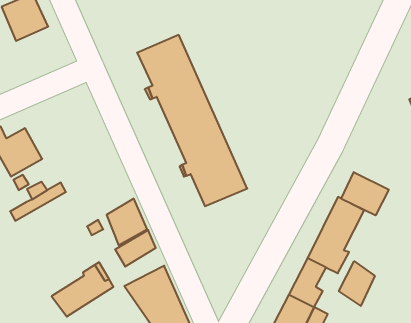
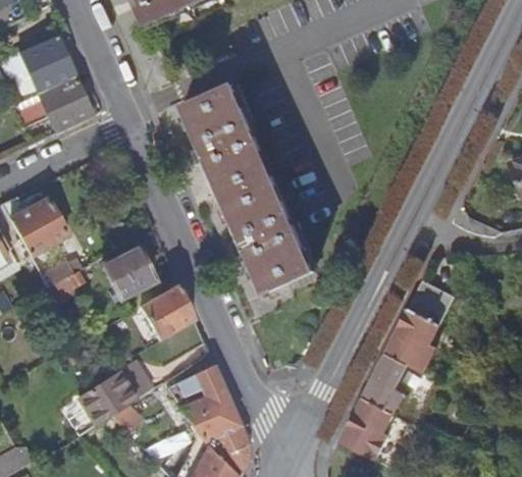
building: none -> [34,75,91,137]
building: none -> [100,244,152,298]
building: [341,172,389,215] -> none
building: [339,261,375,306] -> none

